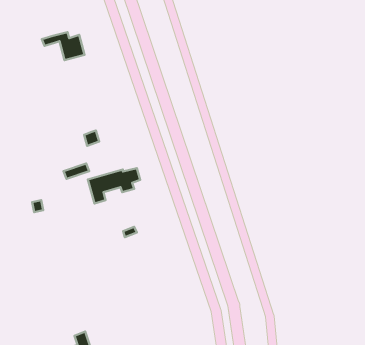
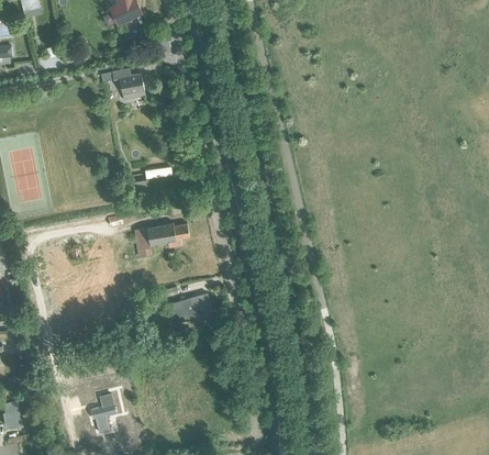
building: none -> [169,295,211,323]

